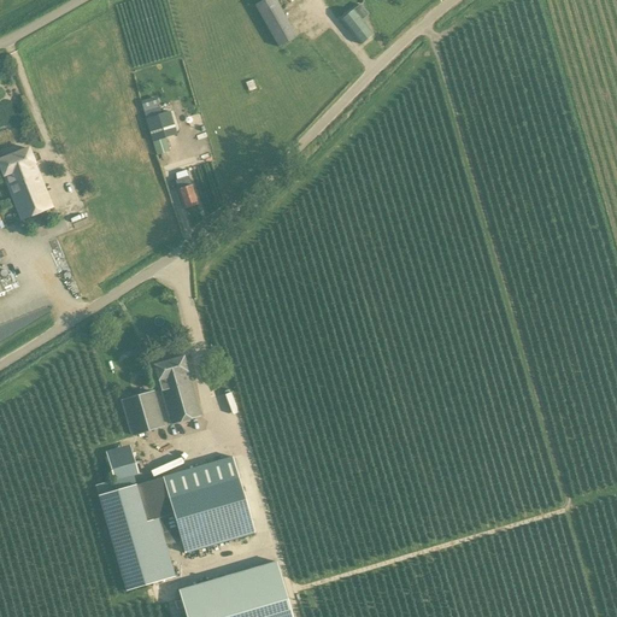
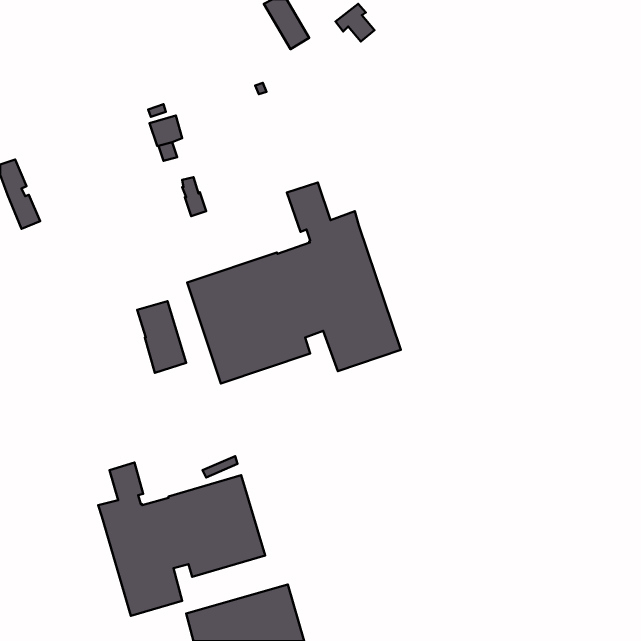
building: [16,147,53,212] -> none
building: none -> [187,182,401,384]
building: [154,355,201,424] -> [137,301,186,373]
building: [121,390,165,435] -> none

